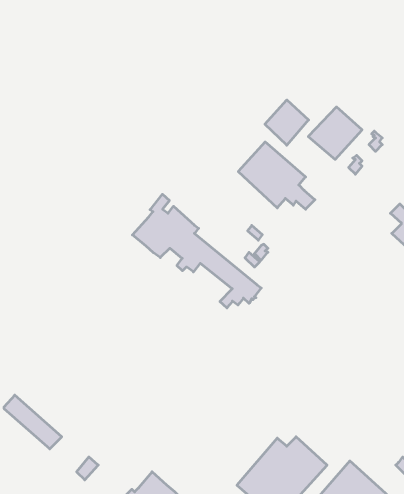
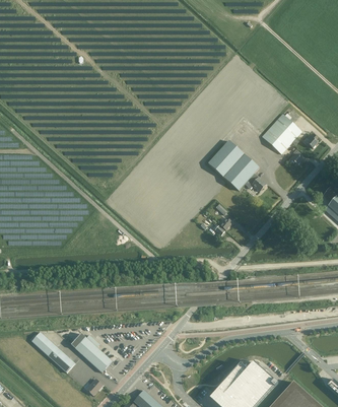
building: [265,100,309,145] -> none
building: [132,194,261,308] -> none
building: none -> [70,333,112,372]

